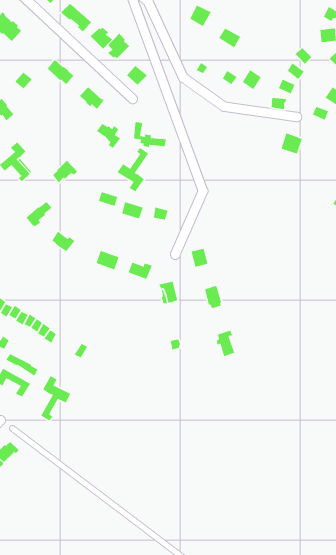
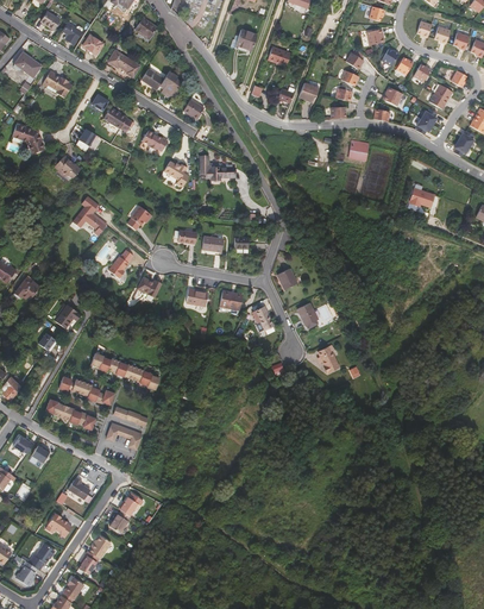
building: [117,147,149,192] -> none
building: [40,375,71,421] -> none

